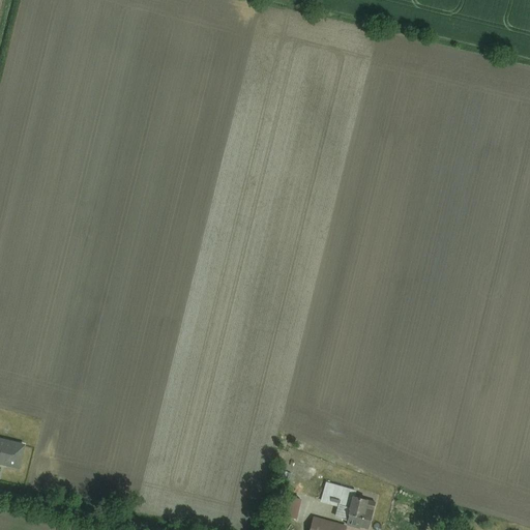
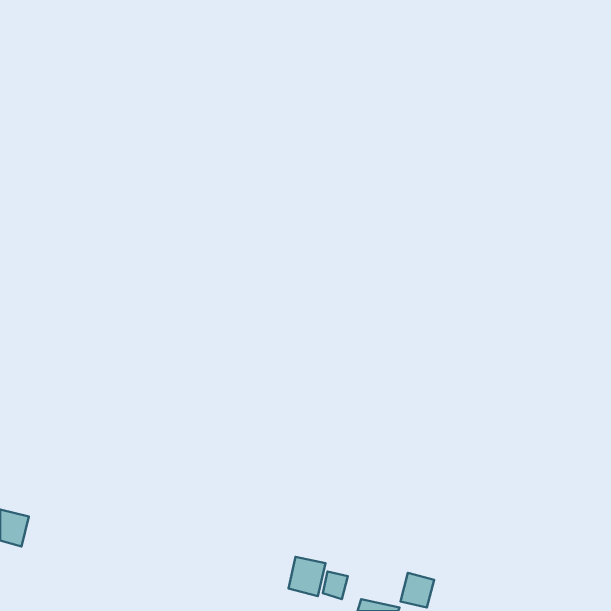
building: none -> [288,557,326,596]
building: [322,482,352,506] -> none

